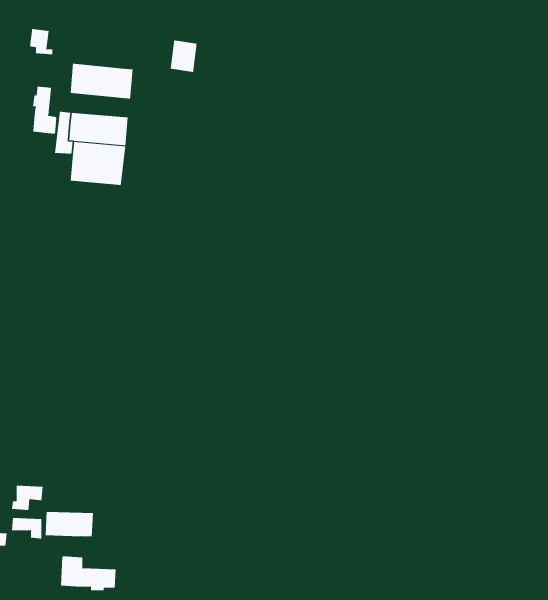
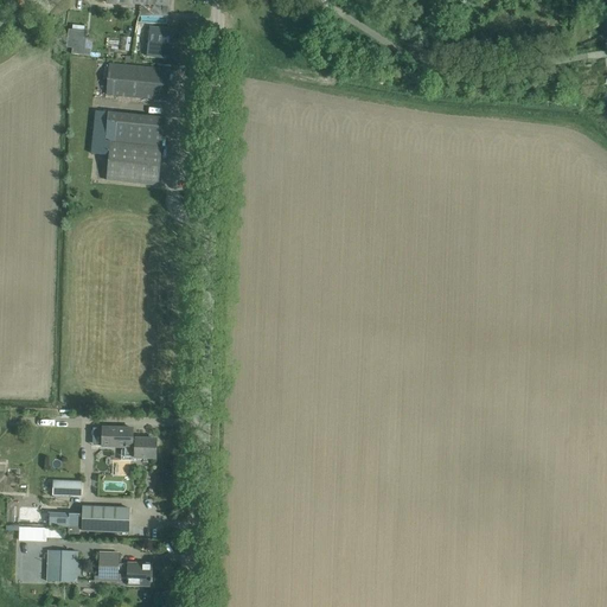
building: [170,40,198,72] -> [145,26,172,58]
building: [33,86,57,135] -> none
building: none -> [101,427,155,460]
building: none -> [46,551,76,582]

